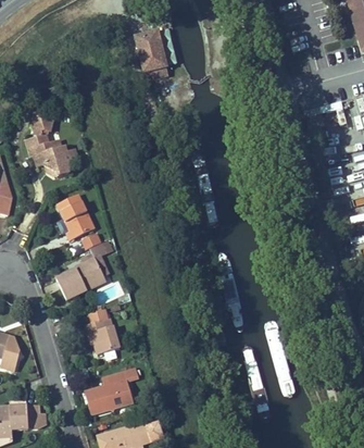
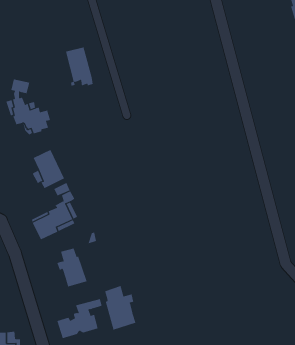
building: [136,30,168,76] -> [65,47,93,86]
building: none -> [104,285,136,331]

